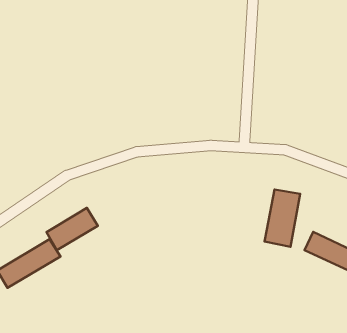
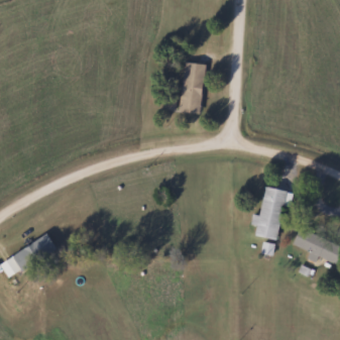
building: none -> [179,62,206,113]
building: [46,208,98,250] -> none

